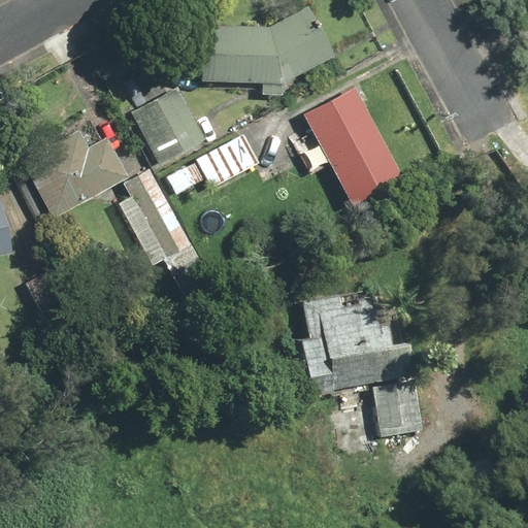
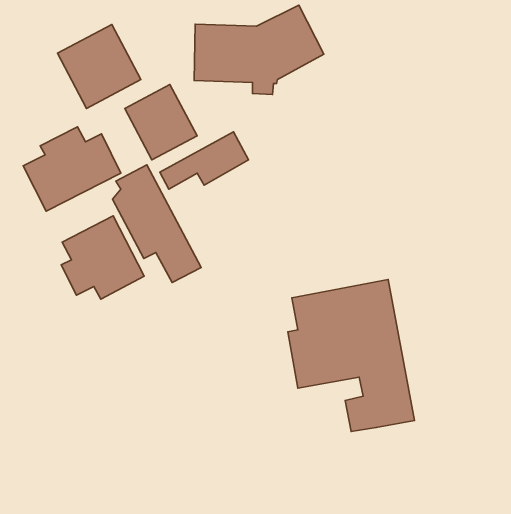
building: none -> [57,24,141,108]
building: [301,87,402,204] -> none
building: none -> [61,216,144,299]

